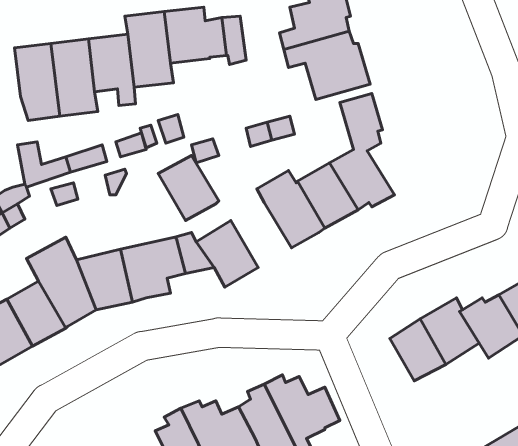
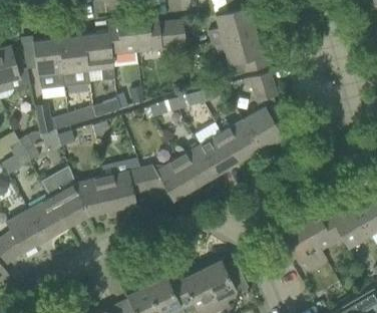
building: [158,155,219,221] -> [176,143,217,187]

